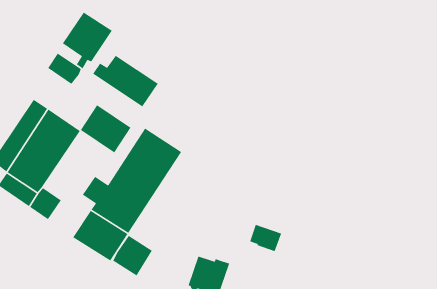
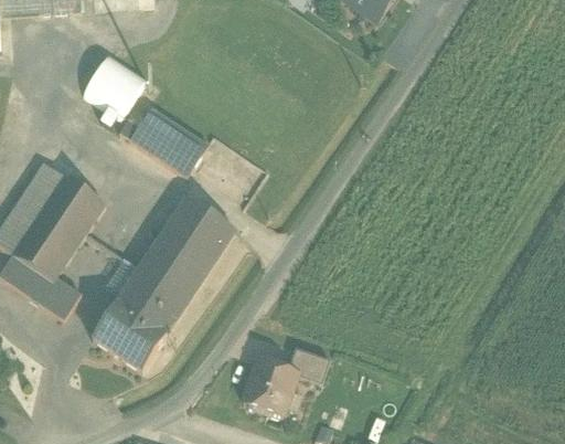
building: [47,53,82,85] -> none
building: [80,104,132,154] -> none
building: [249,224,282,252] -> [286,345,328,381]
building: [112,235,153,276] -> none

